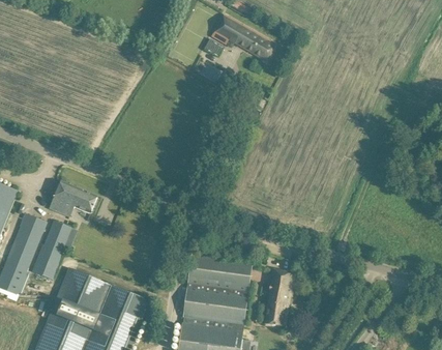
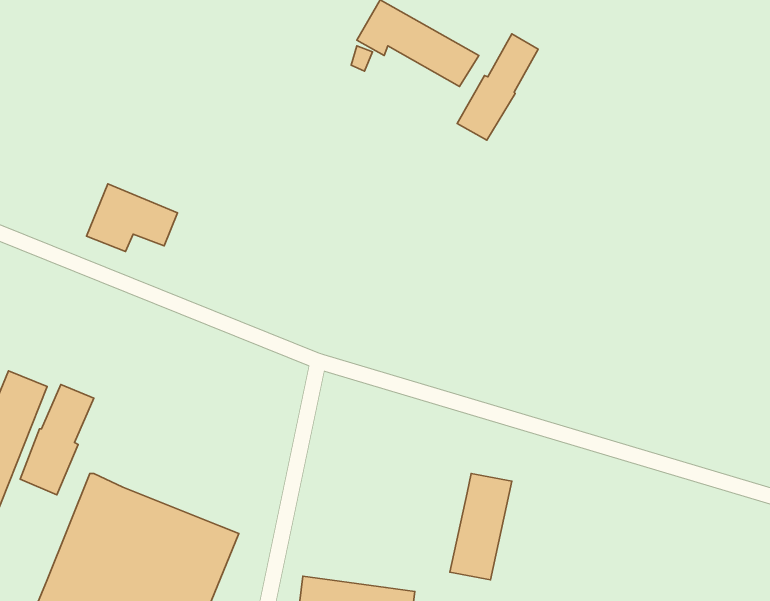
building: none -> [457,34,538,140]
building: [48,180,96,216] -> [87,184,178,252]
building: [183,254,252,324] -> none

